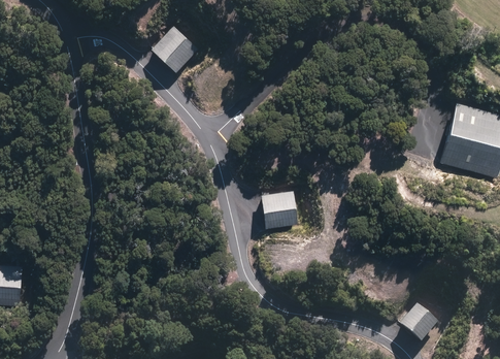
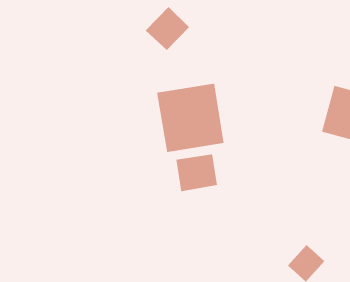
building: [151,21,205,75] -> [145,6,190,51]
building: none -> [156,83,224,153]

